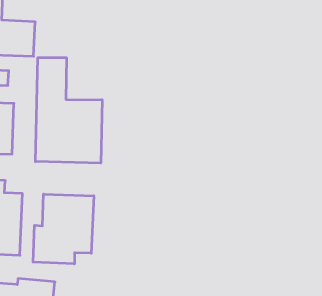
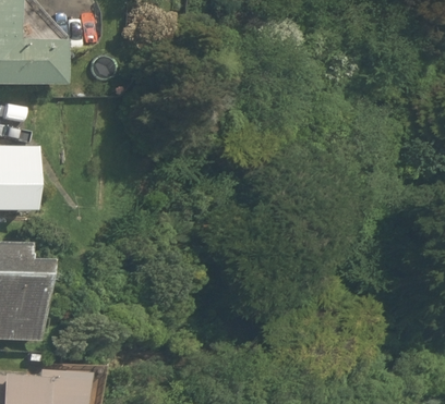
building: [35,58,102,163] -> none
building: [33,194,94,264] -> none

